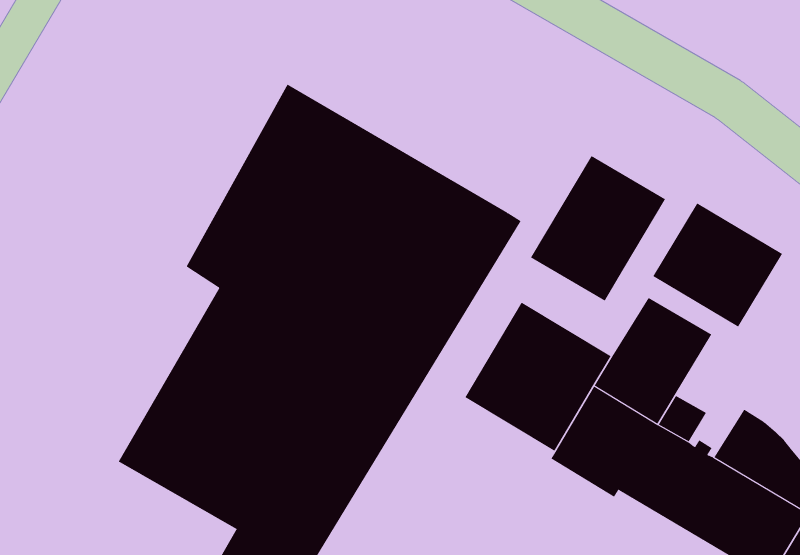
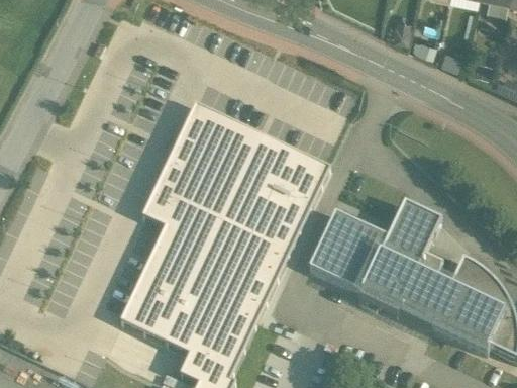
building: [530,155,666,301] -> none
building: [652,202,783,328] -> none

